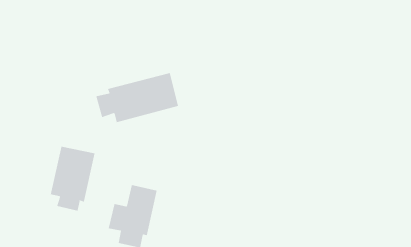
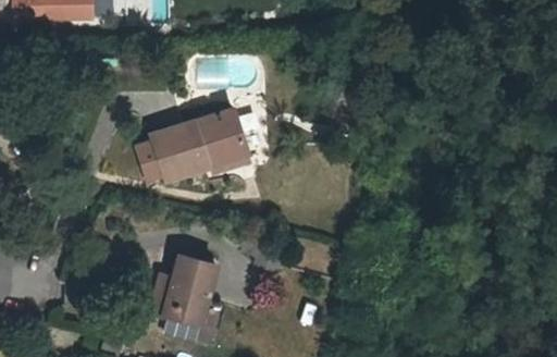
building: [50,146,95,211] -> none

